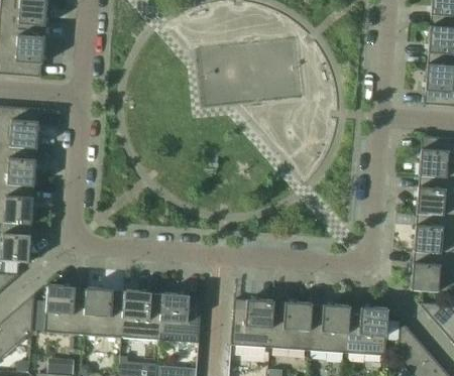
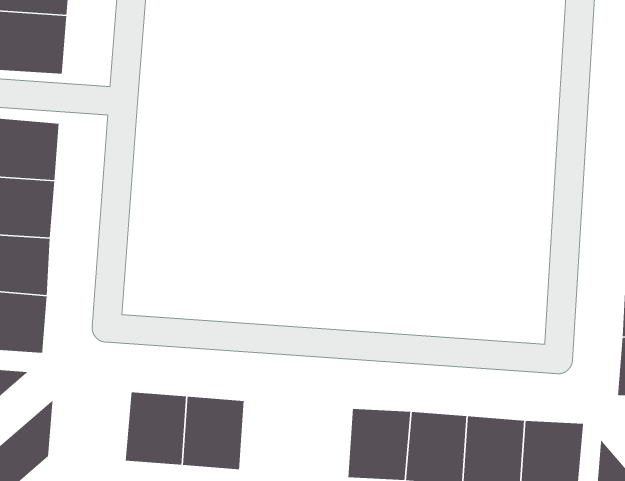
building: [45,286,88,335] -> none
building: [160,294,203,344] -> none

